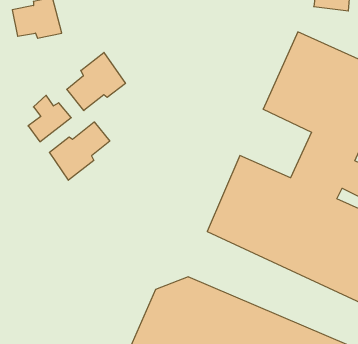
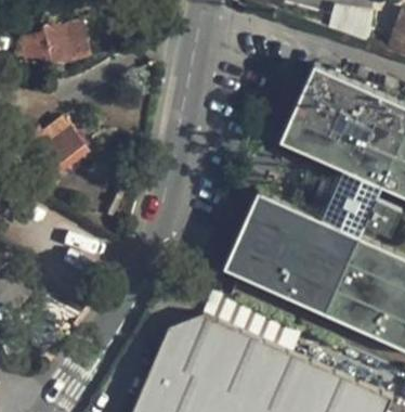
building: [67,52,125,111] -> none
building: [49,122,110,180] -> none

